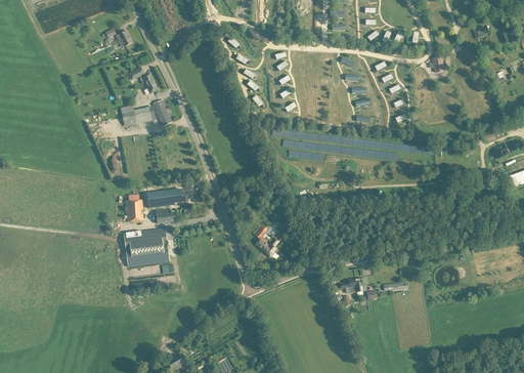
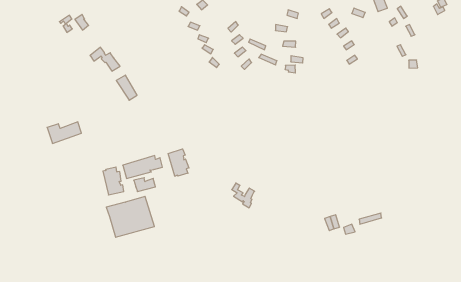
building: [120,106,155,125] -> [47,122,81,143]
building: none -> [168,149,189,176]

